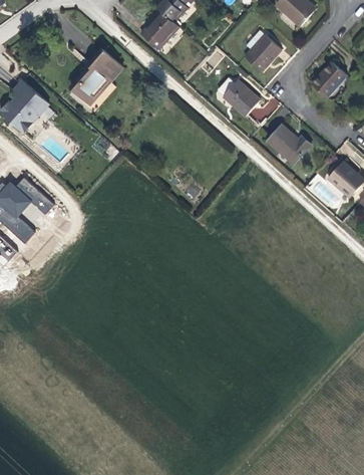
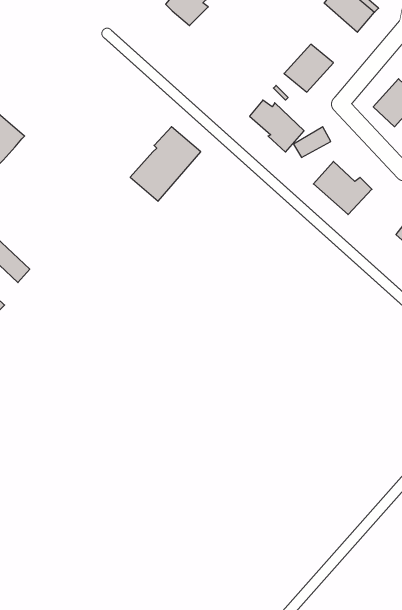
building: [140,10,178,49] -> none
building: [70,47,123,103] -> [130,127,201,201]

